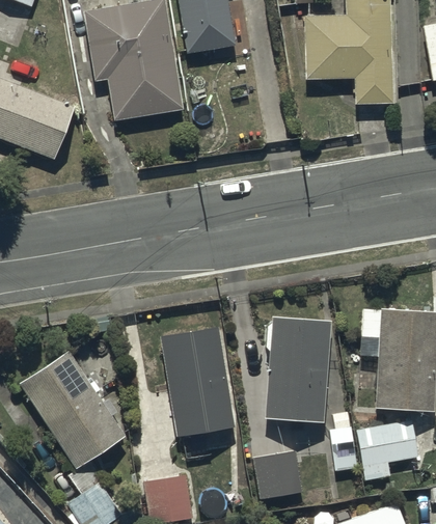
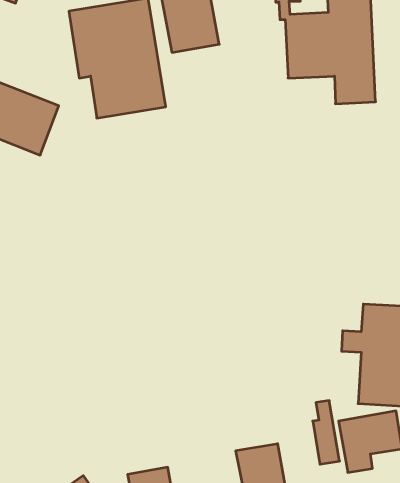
building: [265,319,330,424] -> none
building: [160,326,236,439] -> none
building: [21,351,125,468] -> none

